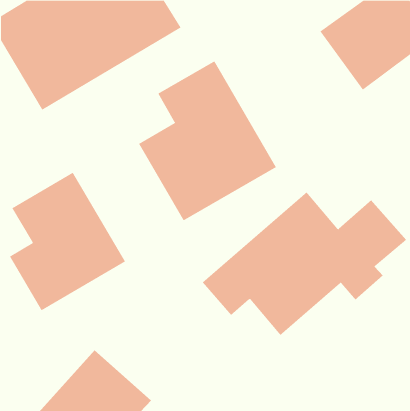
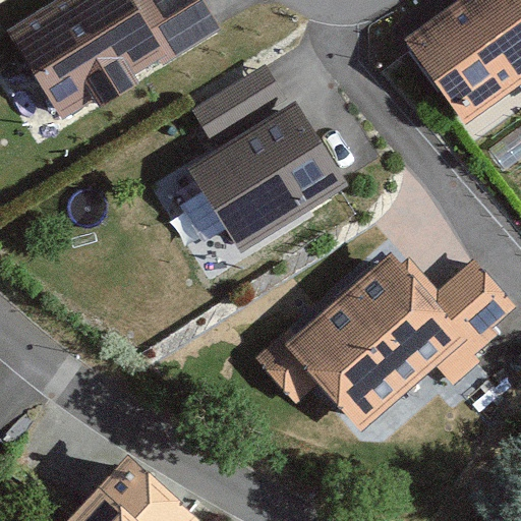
building: [9,172,126,311] -> none

